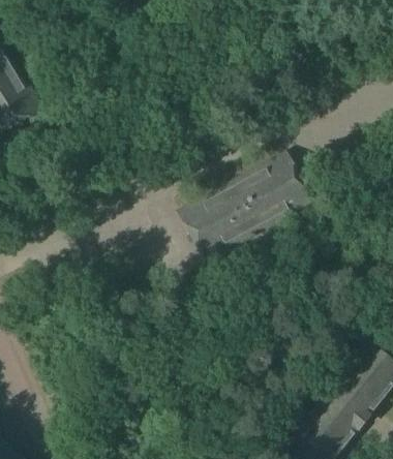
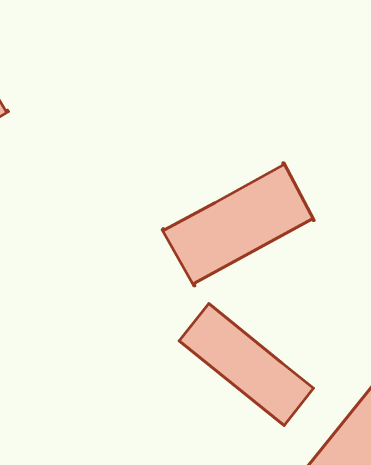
building: none -> [179,303,314,425]

